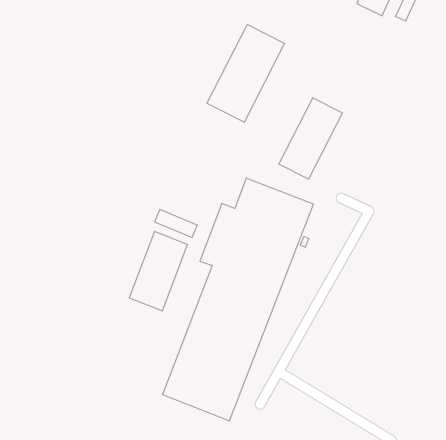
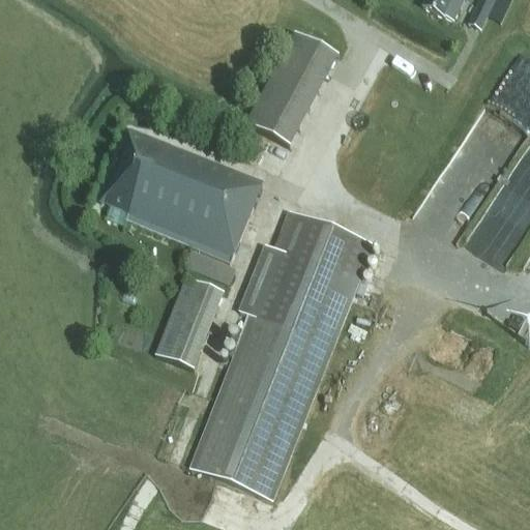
building: [279,98,342,179] -> none
building: none -> [100,126,264,260]

